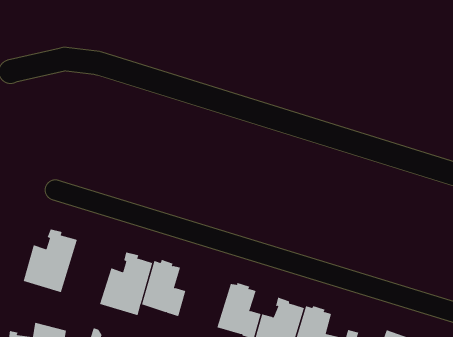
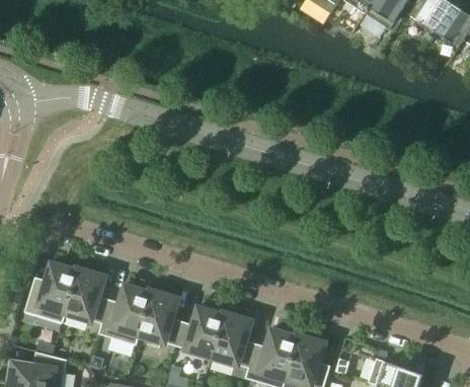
building: none -> [62,267,109,333]
building: none -> [175,304,225,356]

